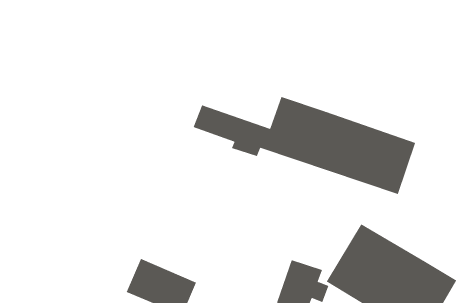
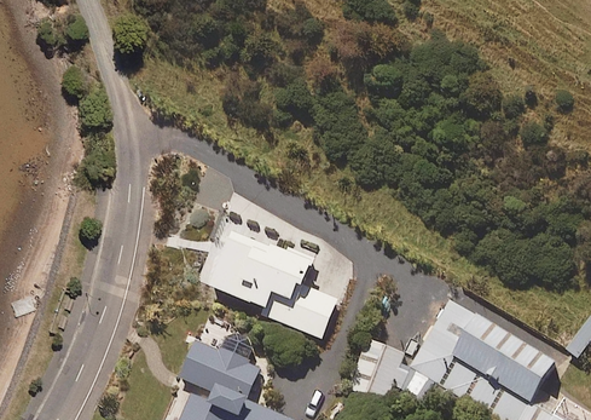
building: [193,96,416,195] -> none
building: none -> [215,236,341,343]

